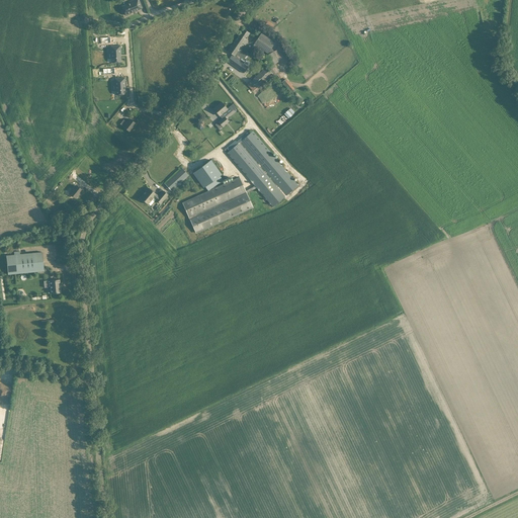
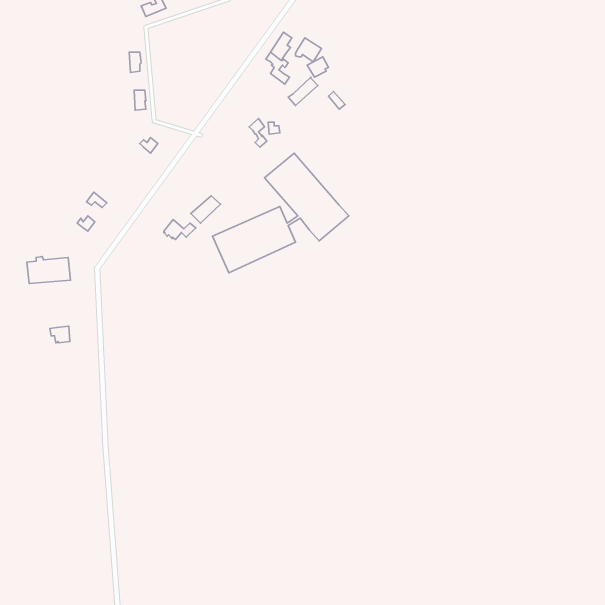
building: [191,159,221,187] -> none
building: [5,250,42,273] -> [27,256,71,284]

